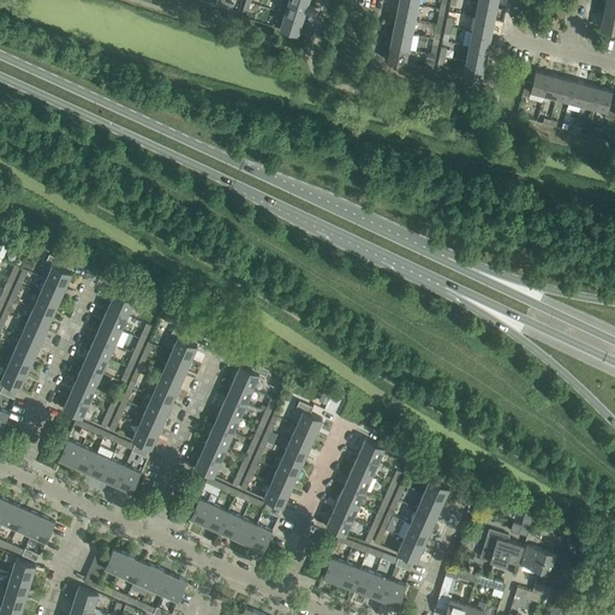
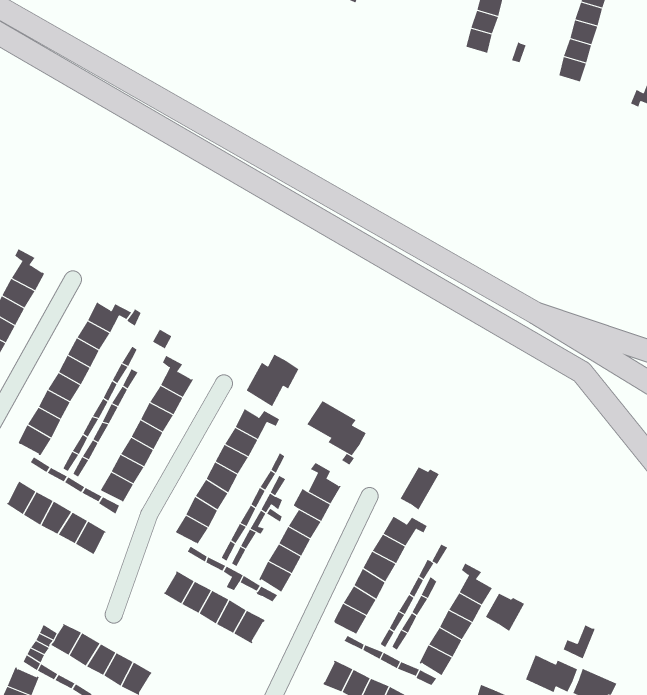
building: none -> [246,354,299,407]
building: none -> [307,400,367,456]
building: none -> [400,466,440,511]
building: none -> [485,593,525,632]

